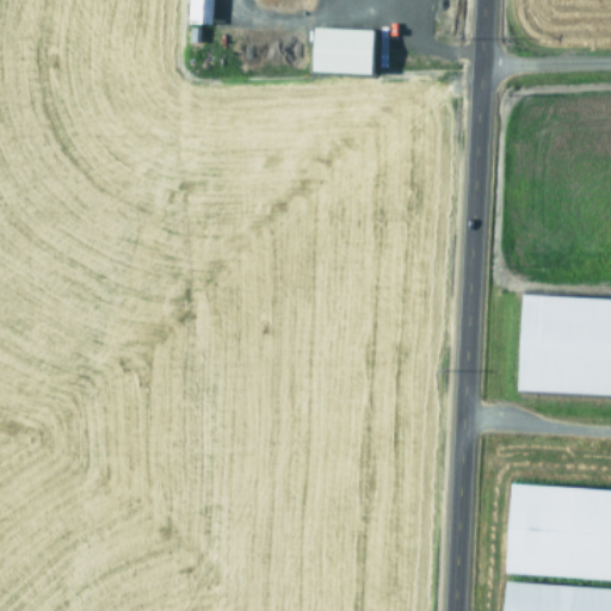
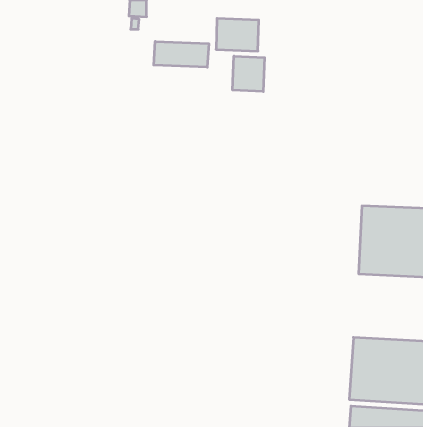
building: none -> [154,41,209,67]
building: none -> [233,56,265,92]

